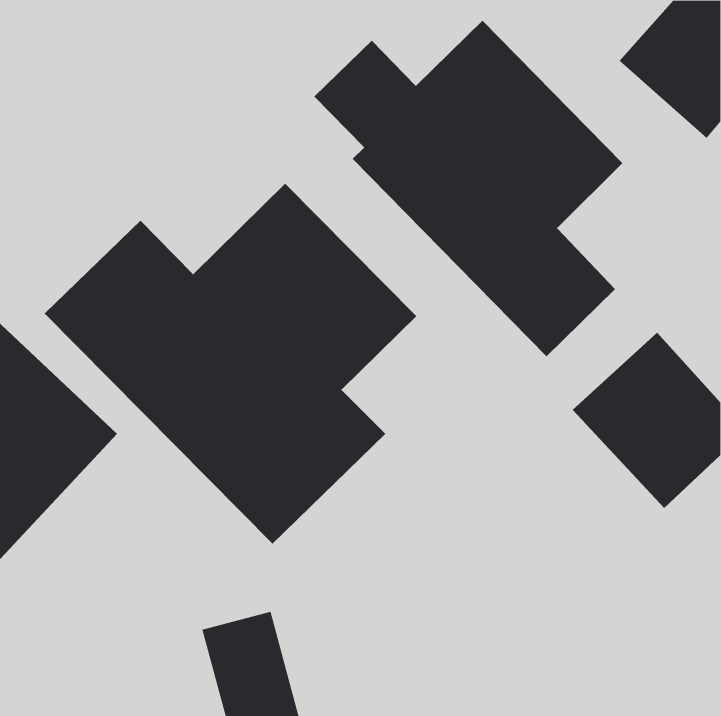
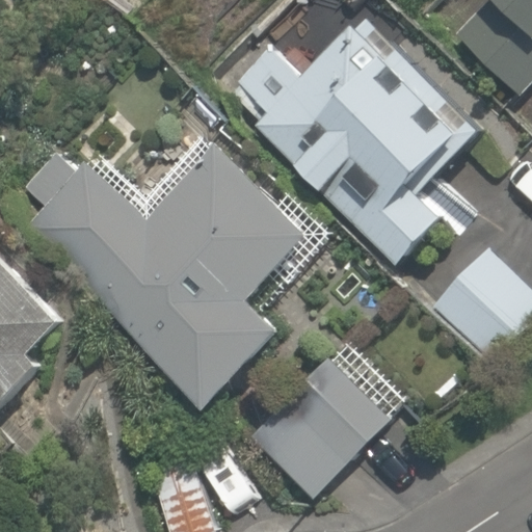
building: none -> [260,357,396,493]

